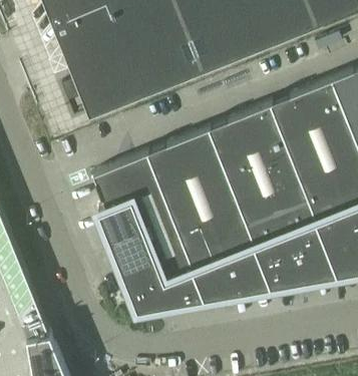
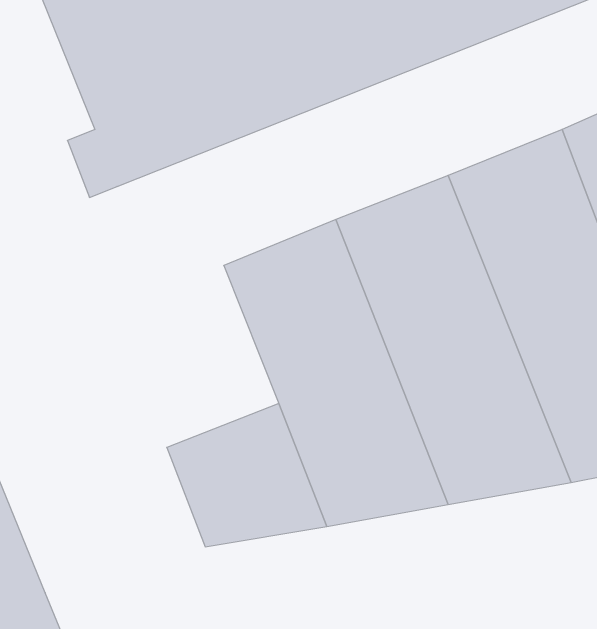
building: [92,157,176,257] -> none

